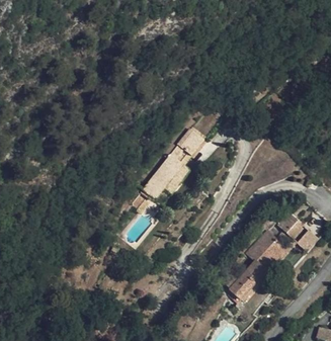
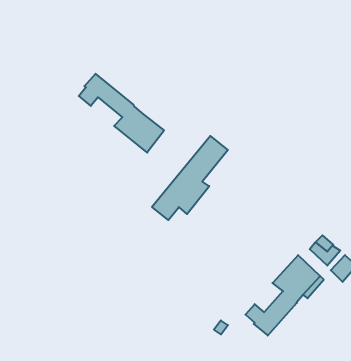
building: none -> [79,74,164,153]

